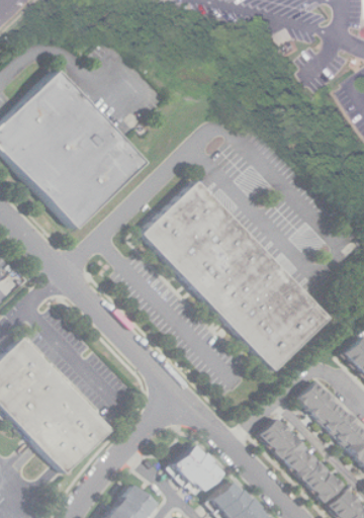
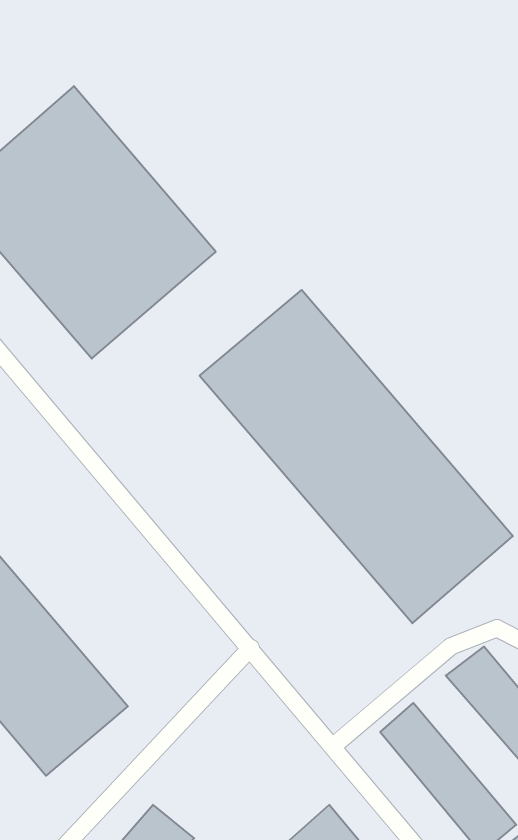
building: [171,444,223,496] -> none

